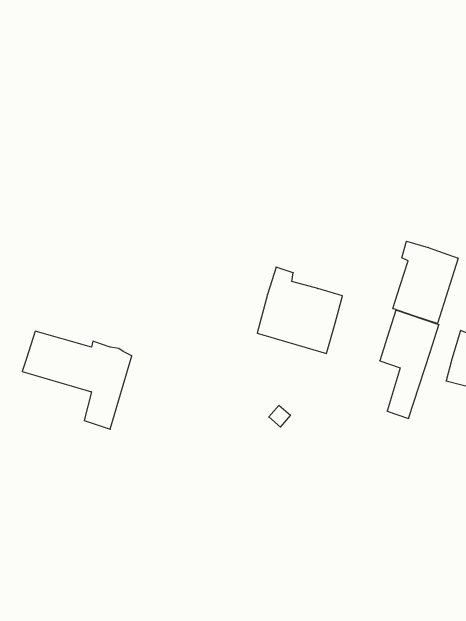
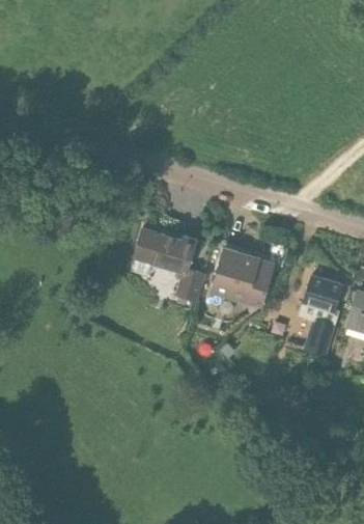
building: [393,241,458,324] -> none
building: [22,331,132,429] -> [133,229,212,300]

